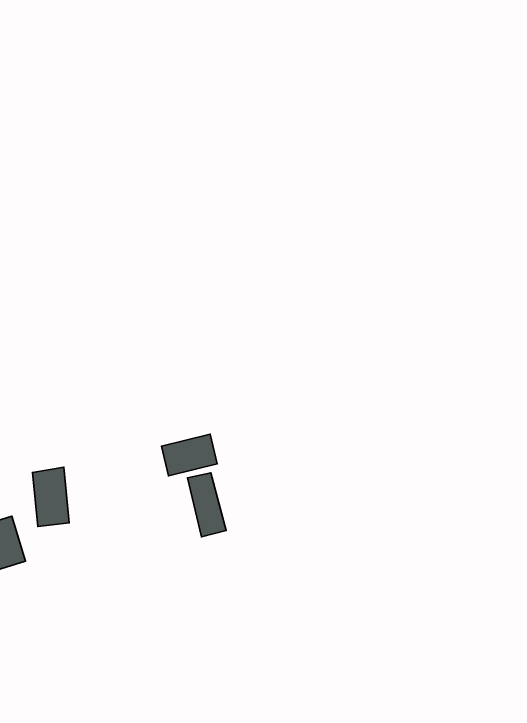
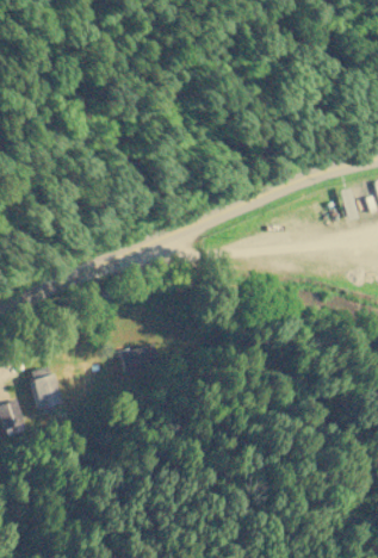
building: [187,473,226,537] -> none

